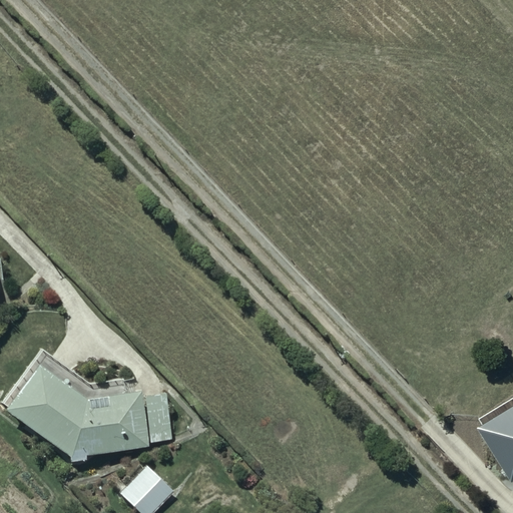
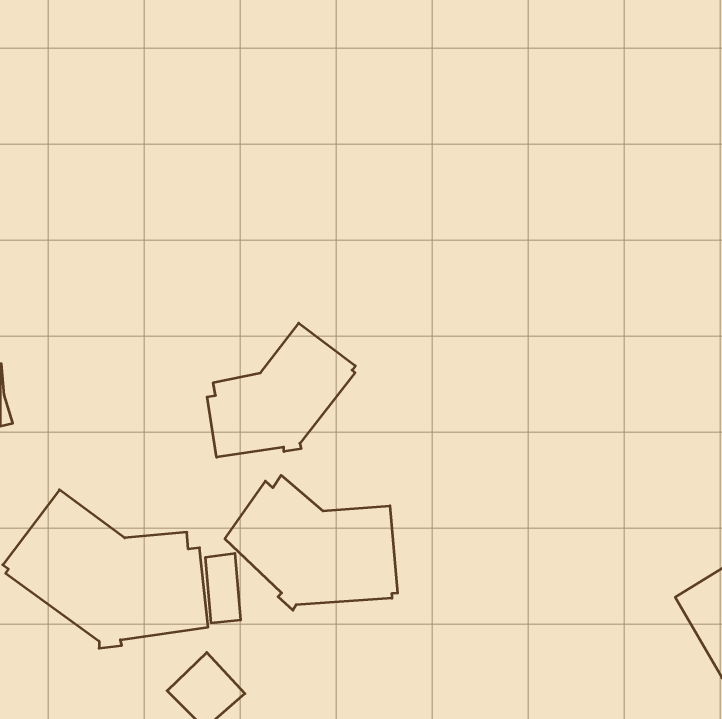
building: none -> [207,323,355,457]
building: none -> [225,475,398,610]

